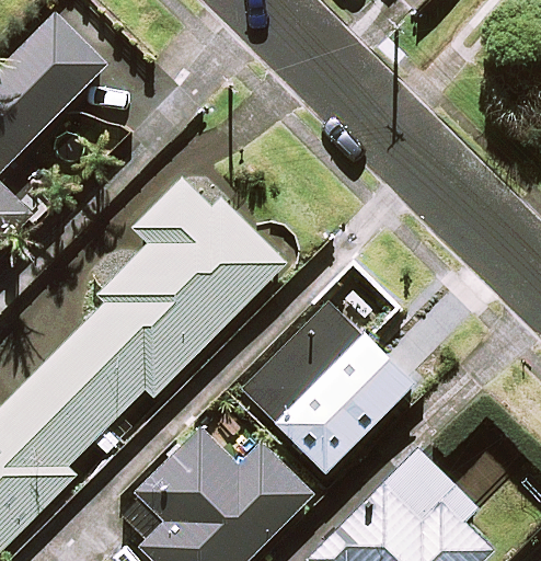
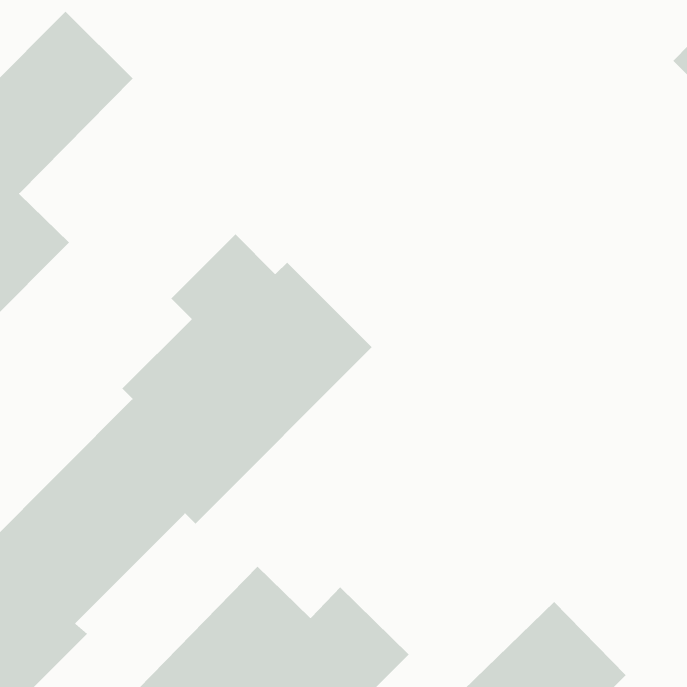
building: [233,272,414,471] -> none

